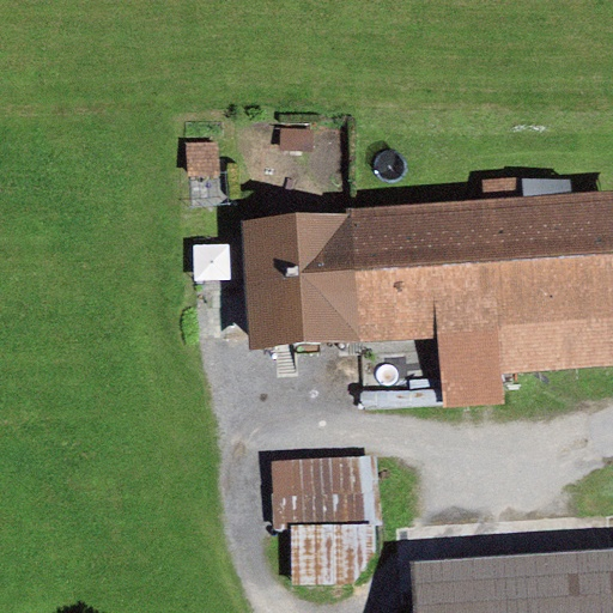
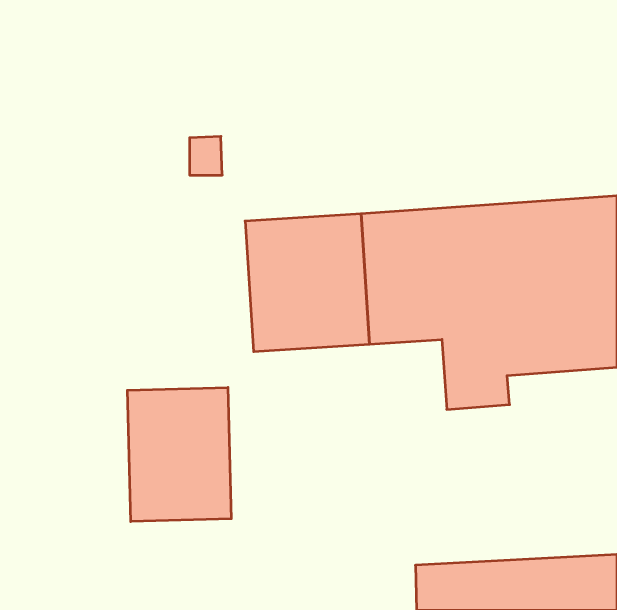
building: none -> [127,387,231,522]
building: [271,454,378,582] -> none

